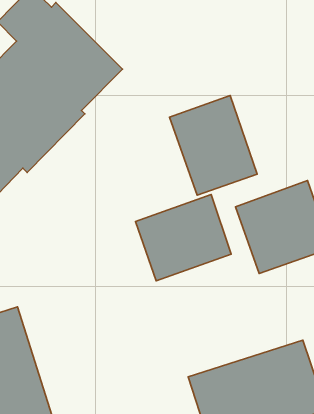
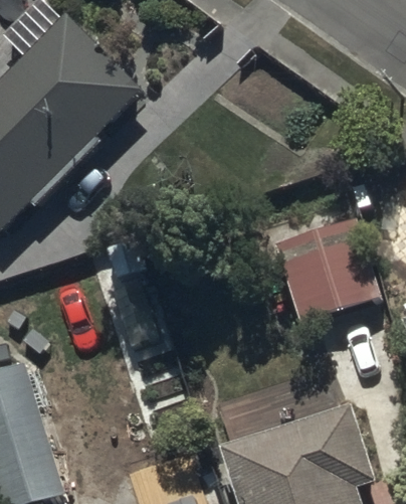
building: [170,96,257,195] -> none
building: [135,195,231,281] -> none

